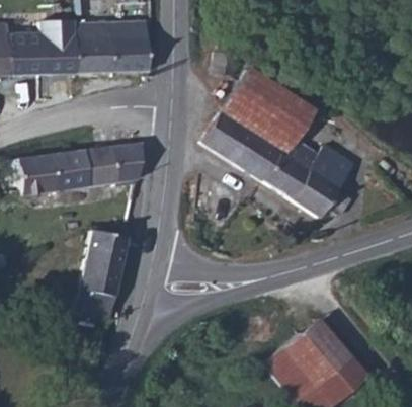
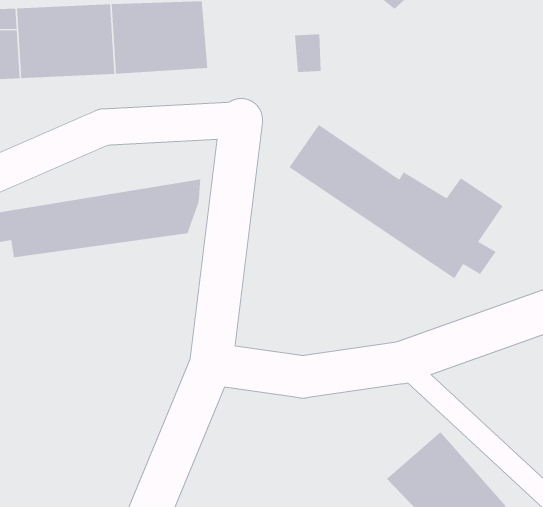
building: [228,68,311,145] -> none
building: [75,234,127,324] -> none

